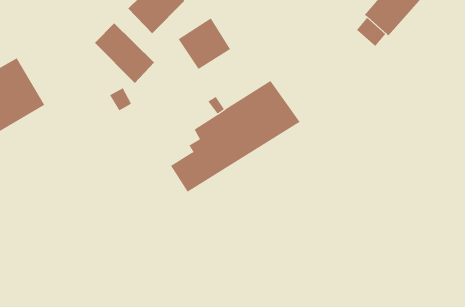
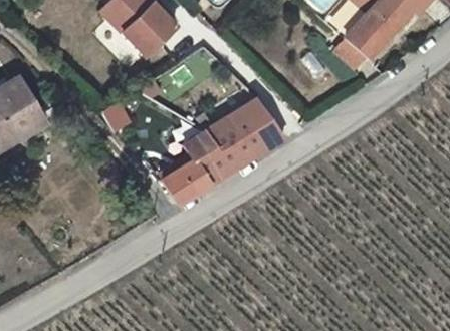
building: [178,17,231,70] -> none
building: [94,23,155,84] -> none

